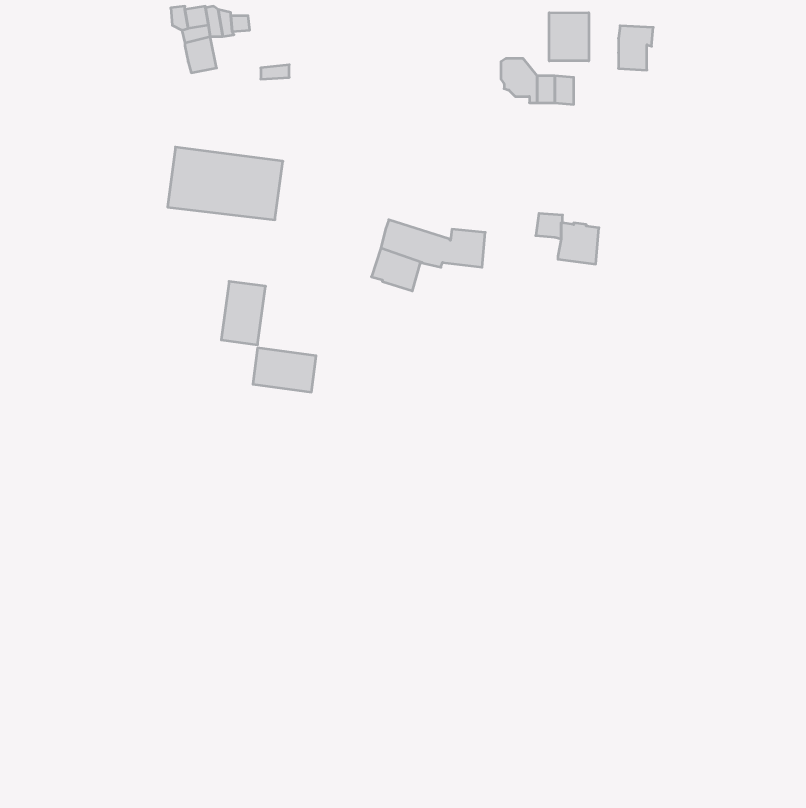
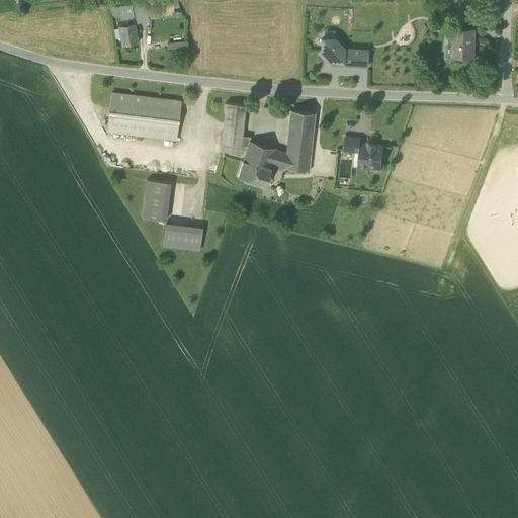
building: [549,13,589,61] -> none
building: [618,26,653,70] -> [453,29,476,58]
building: none -> [222,103,252,147]
building: none -> [288,110,316,149]

